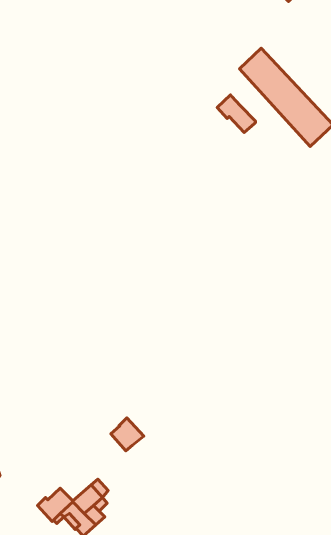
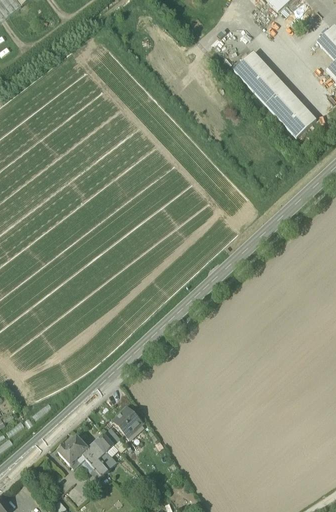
building: [217,95,256,132] -> none
building: [111,418,144,451] -> [113,405,142,434]

